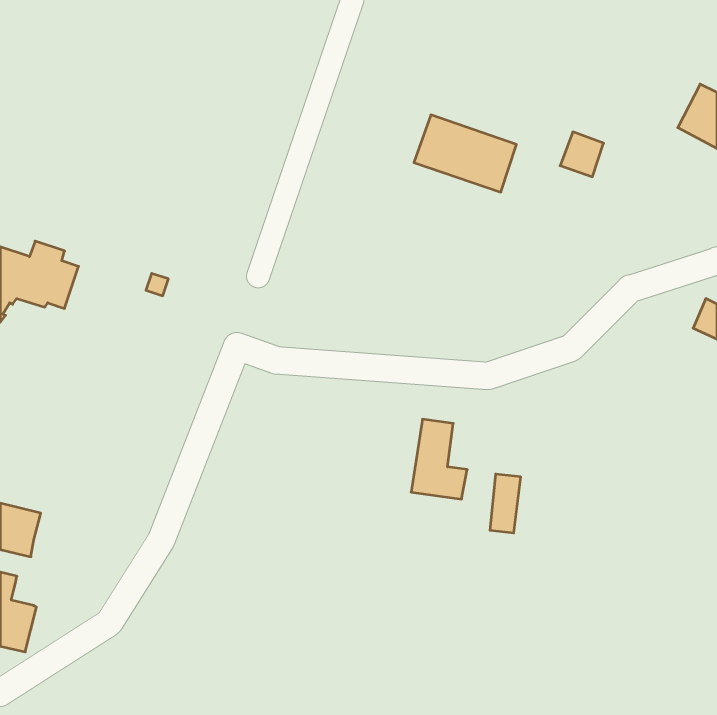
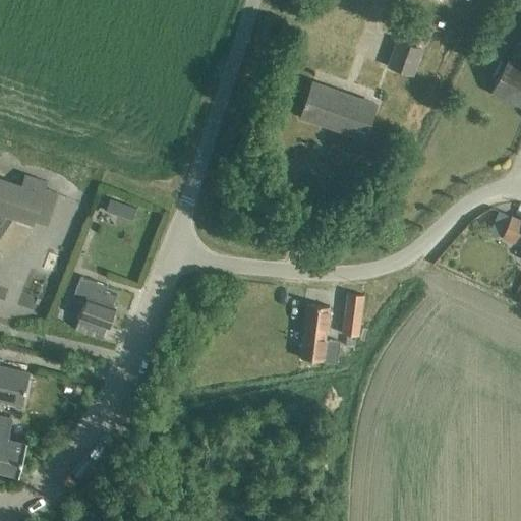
building: [560,132,604,177] -> [389,43,420,75]
building: none -> [70,272,118,340]
building: [490,474,521,533] -> [342,291,364,334]

